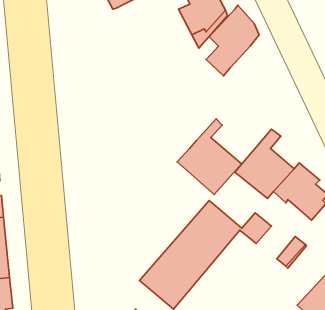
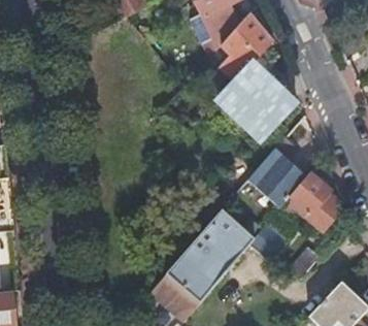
building: [177,119,242,195] -> [223,55,288,131]

